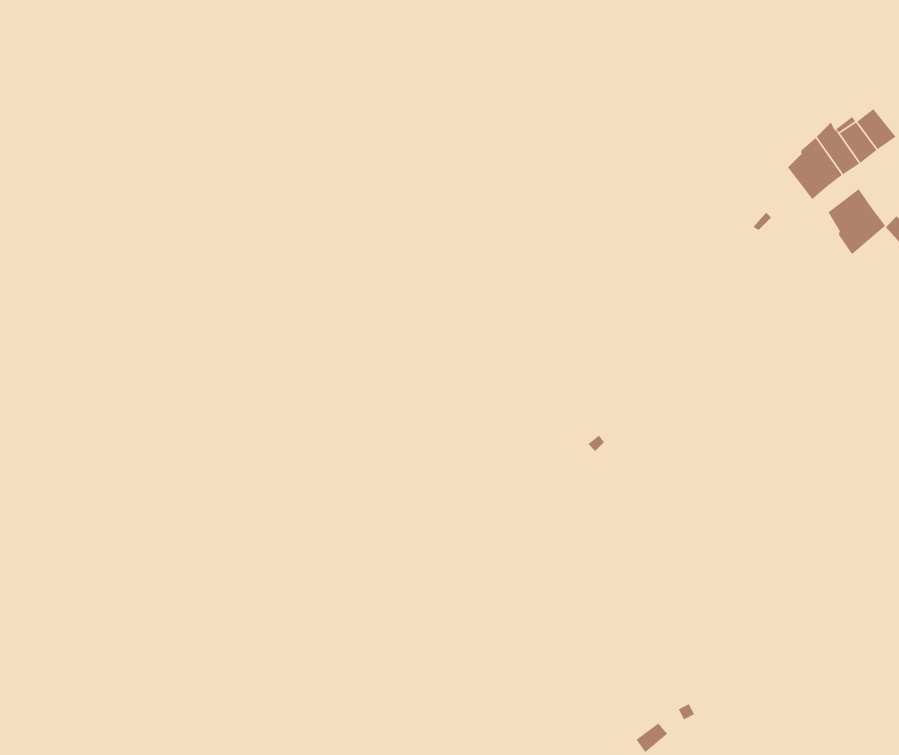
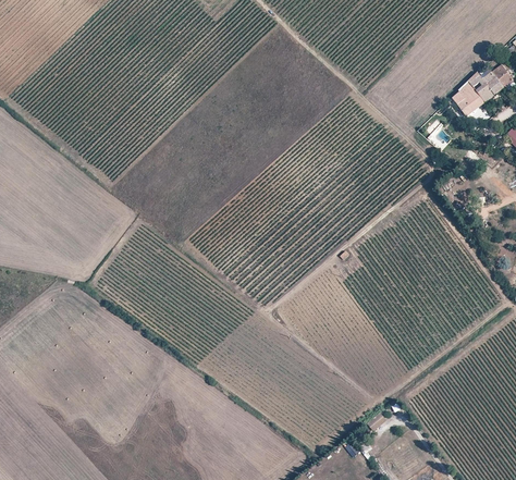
building: [827,188,886,255] -> none

